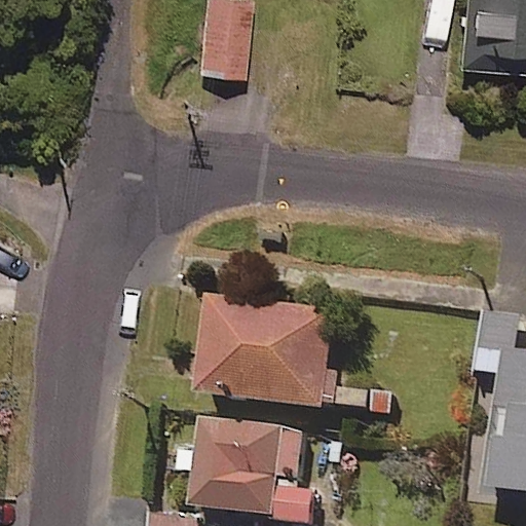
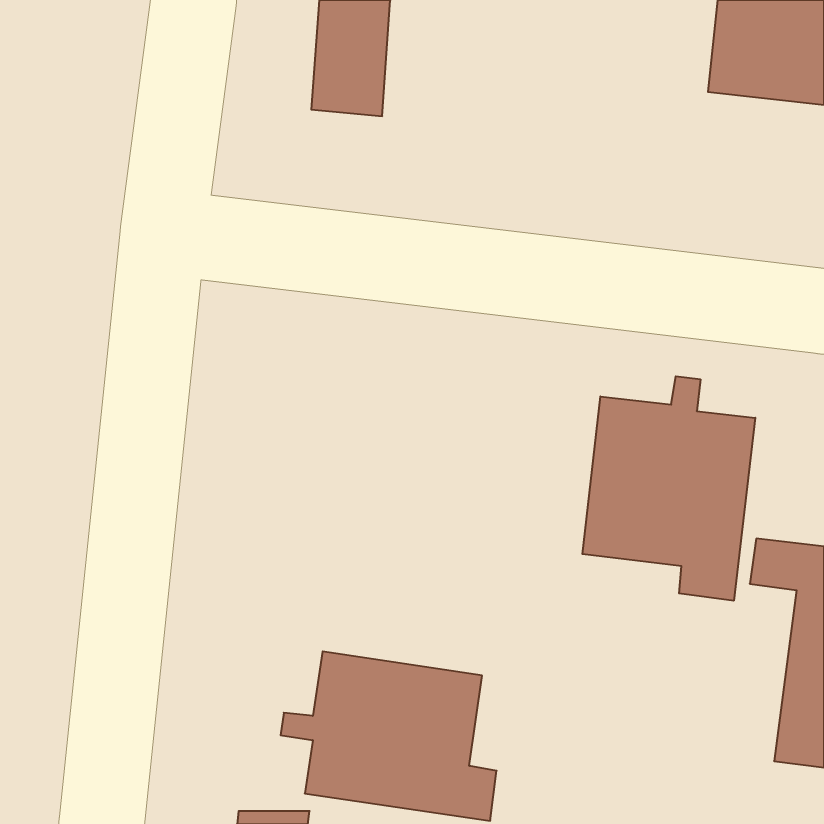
building: none -> [582,376,755,601]
building: [201,295,397,414] -> none

